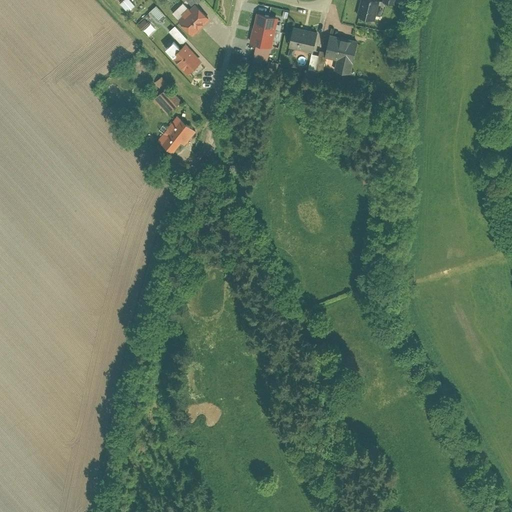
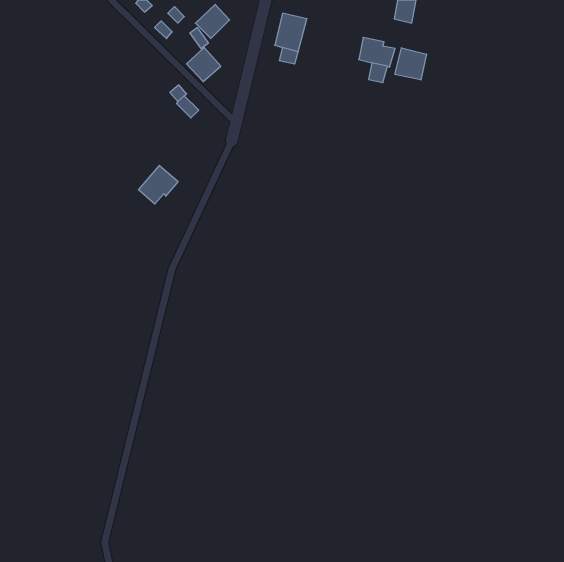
building: [288,27,318,53] -> none
building: none -> [395,48,426,80]
building: [159,117,195,152] -> [138,165,178,204]

